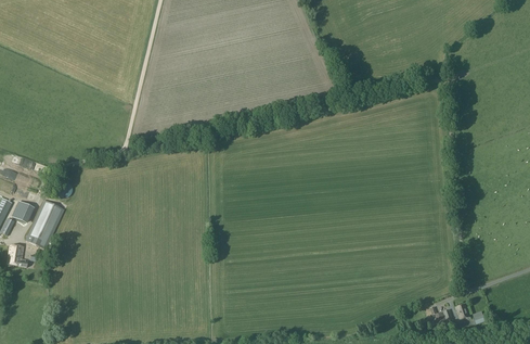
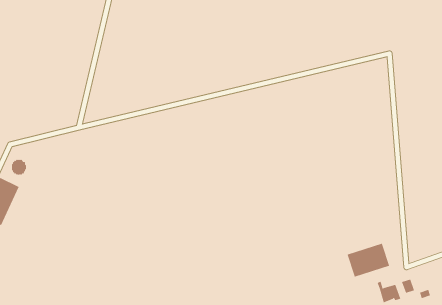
building: none -> [347,243,390,277]

